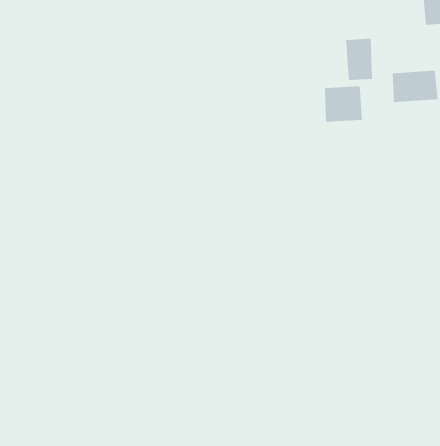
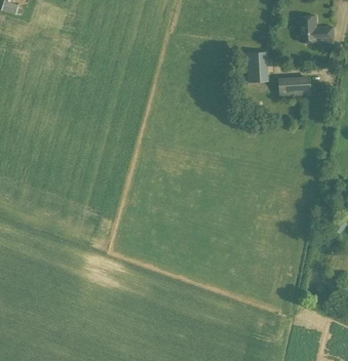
building: [324,86,362,122] -> none

